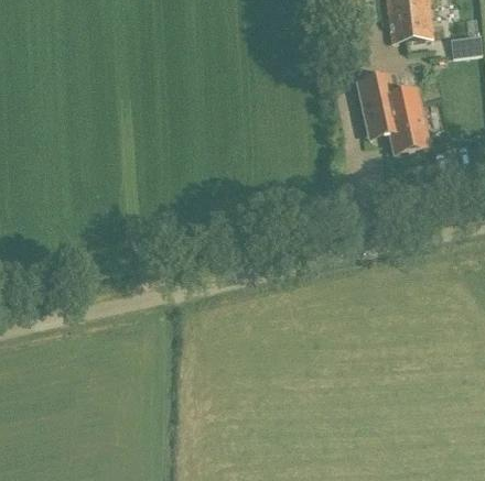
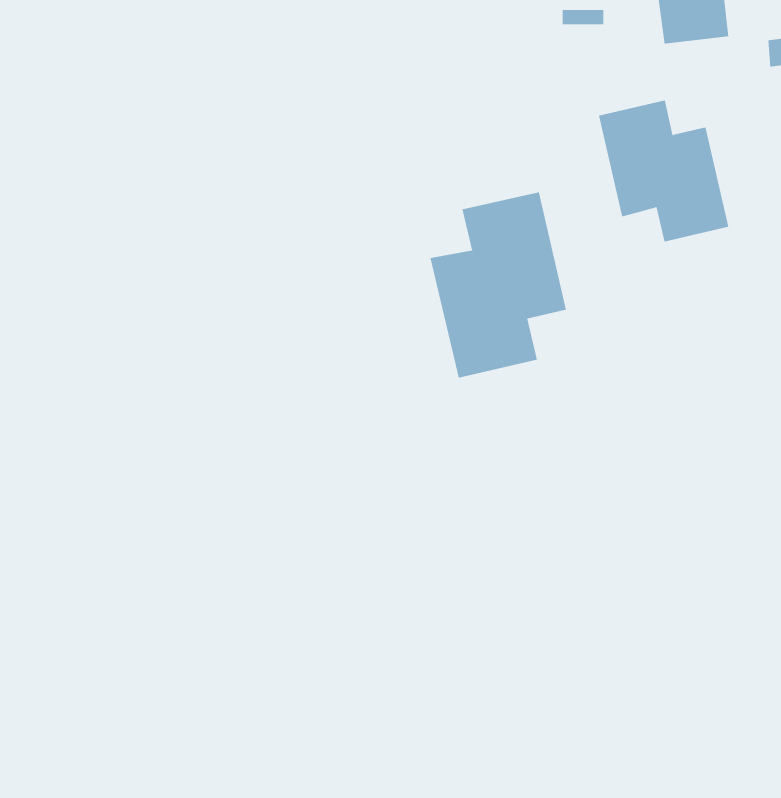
building: none -> [430,191,566,379]

